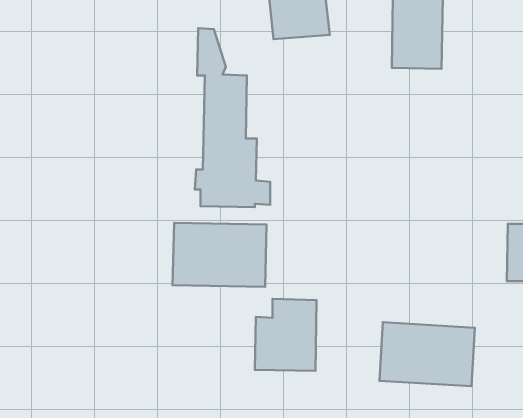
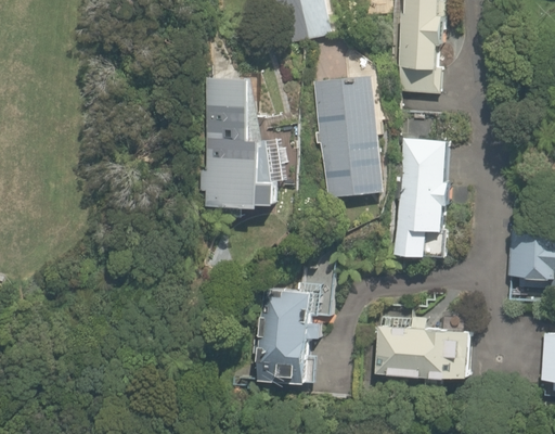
building: none -> [312,80,385,197]
building: none -> [392,143,453,257]
building: [173,223,267,287] -> none

